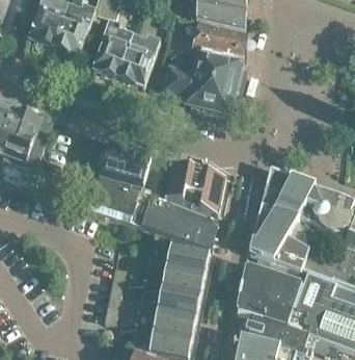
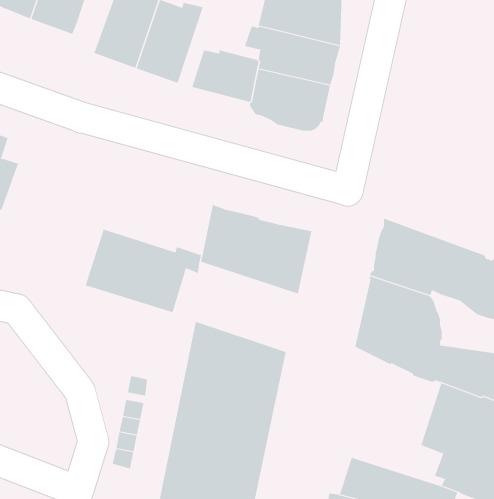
building: [100,146,152,190] -> none
building: [141,197,218,252] -> none
building: [238,264,307,334] -> none

